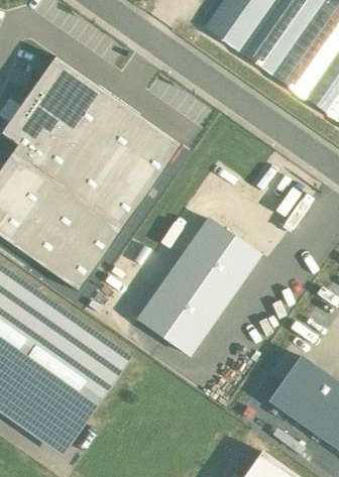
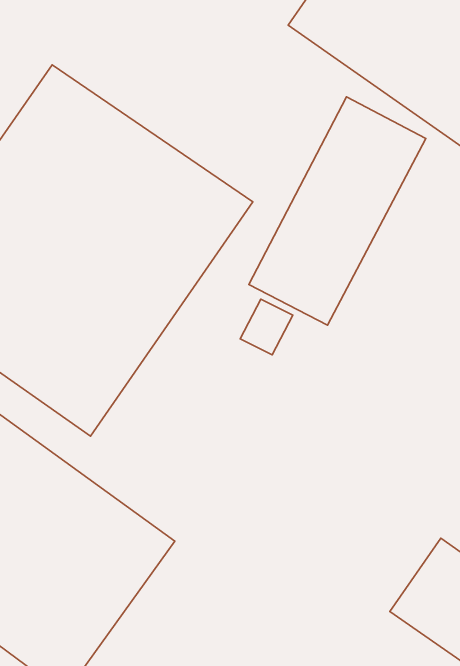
building: none -> [249,97,426,325]
building: [138,220,258,355] -> none

